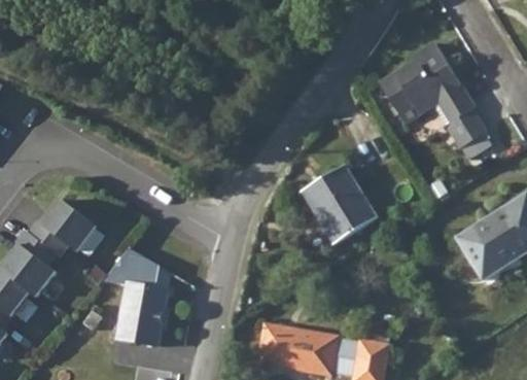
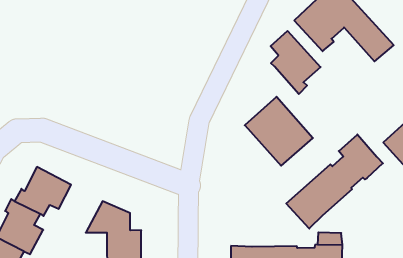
building: none -> [271,31,321,94]
building: none -> [286,134,383,229]

